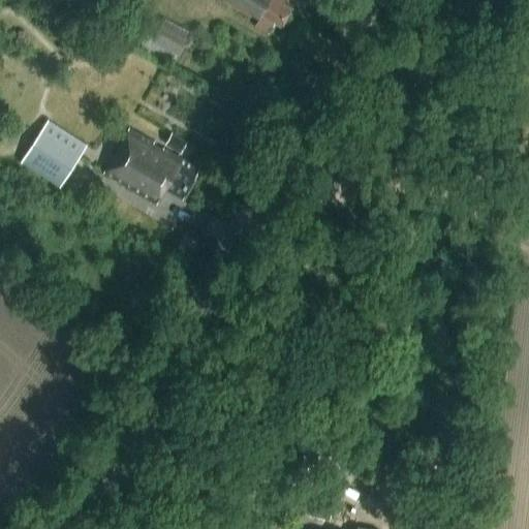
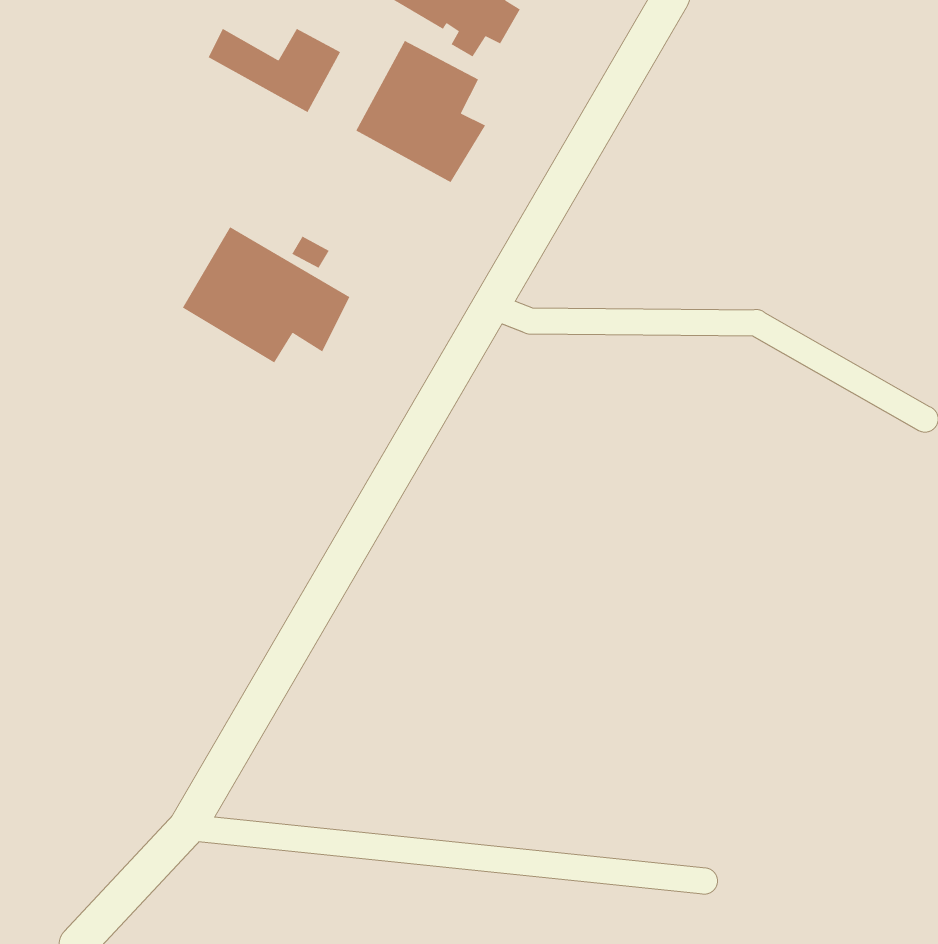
building: none -> [355,40,486,183]
building: [22,129,82,185] -> none

